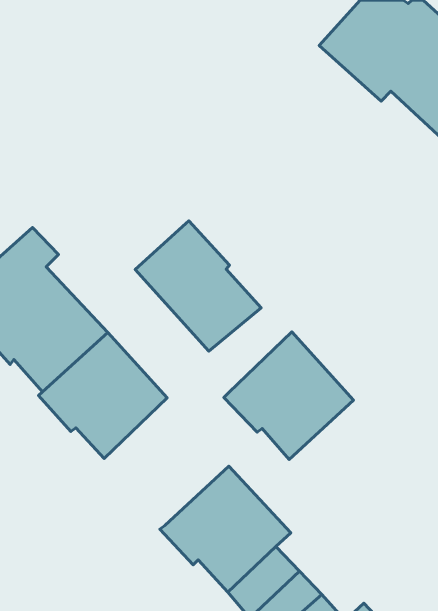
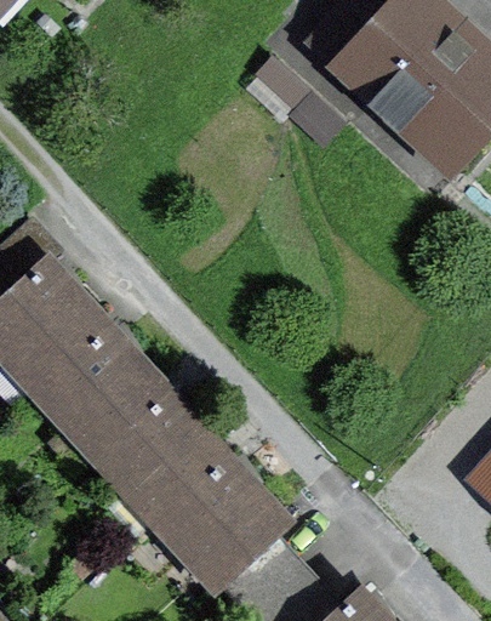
building: [135,221,261,351] -> none
building: [224,332,354,459] -> [107,406,234,531]

